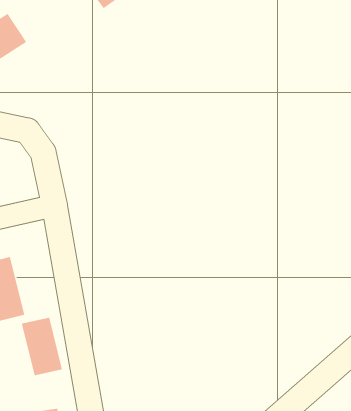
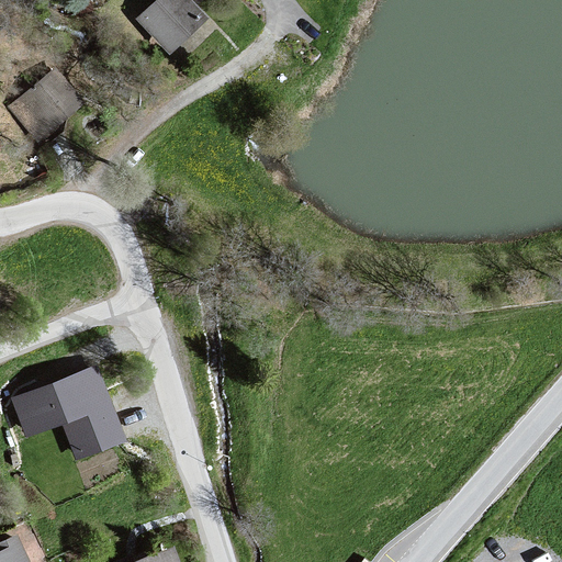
building: [21,317,63,376] -> none

